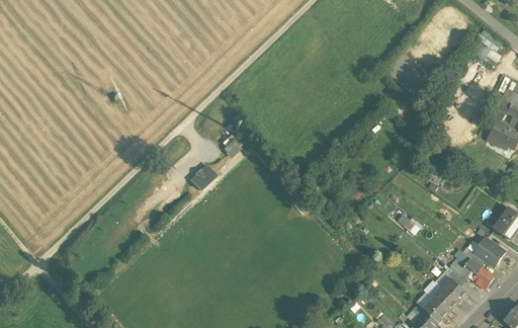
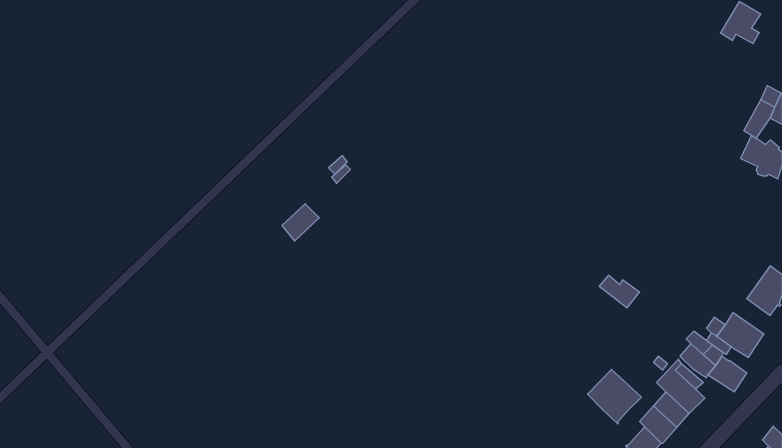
building: none -> [587,369,641,424]

